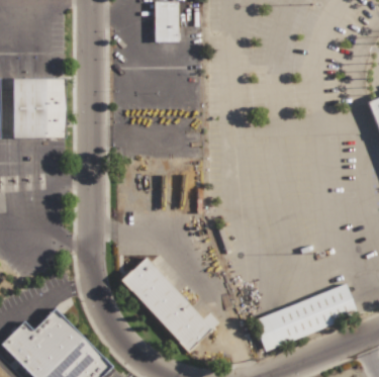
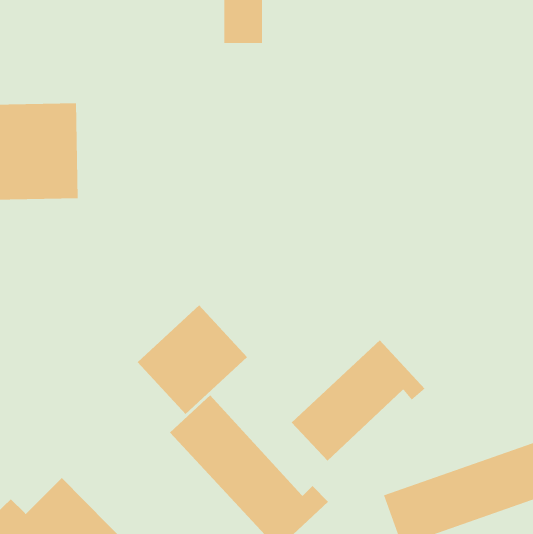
building: none -> [137,304,248,415]
building: none -> [291,340,425,462]

